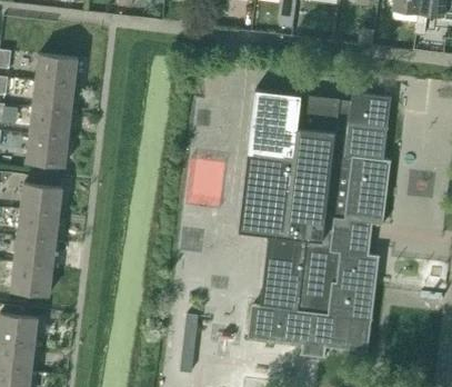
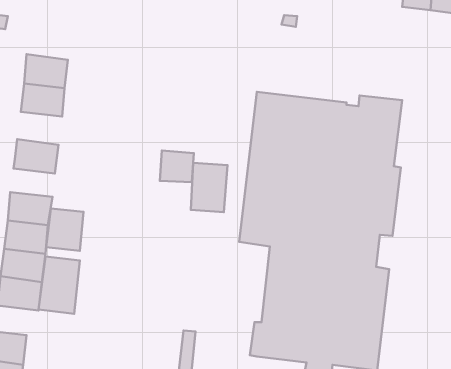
building: [29,108,71,139] -> none
building: none -> [160,151,194,182]
building: none -> [46,208,83,251]
building: none -> [39,256,80,314]

